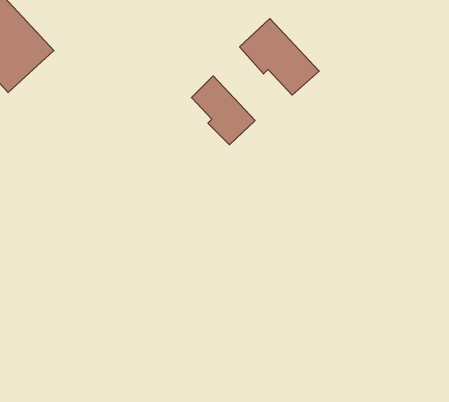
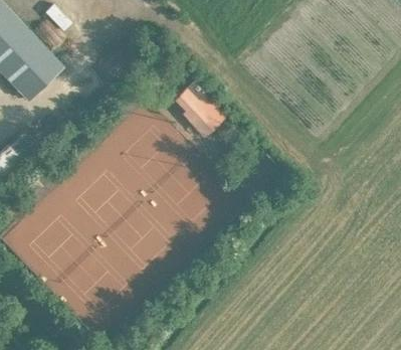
building: [240,19,319,95] -> none

